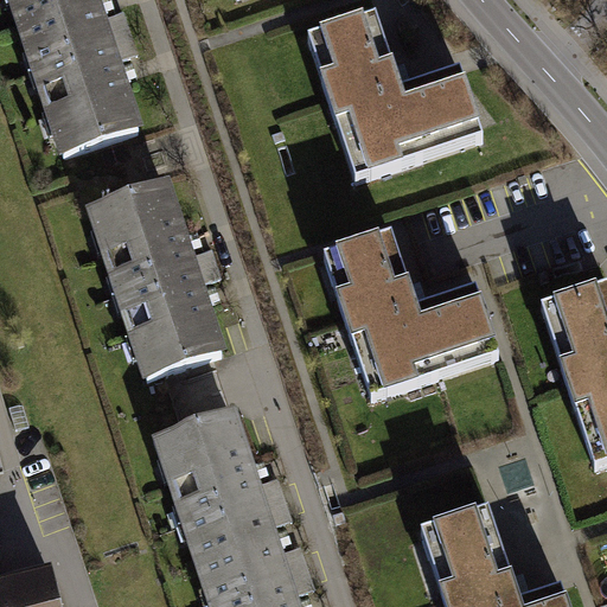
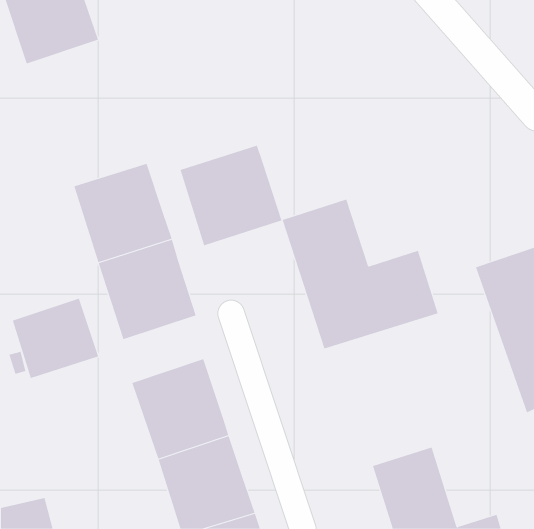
building: [308,9,484,179] -> none
building: [33,45,143,156] -> none
building: none -> [180,145,282,246]
building: none -> [12,298,99,379]

